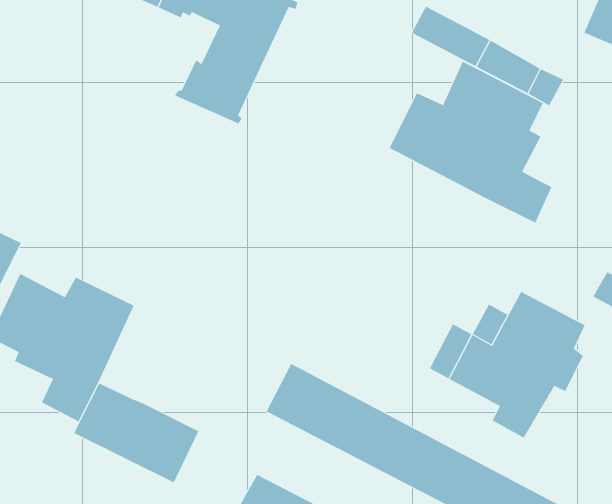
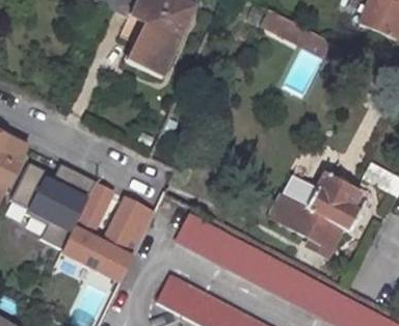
building: [389,61,552,224] -> none
building: none -> [77,180,118,234]
building: none -> [104,193,158,252]

